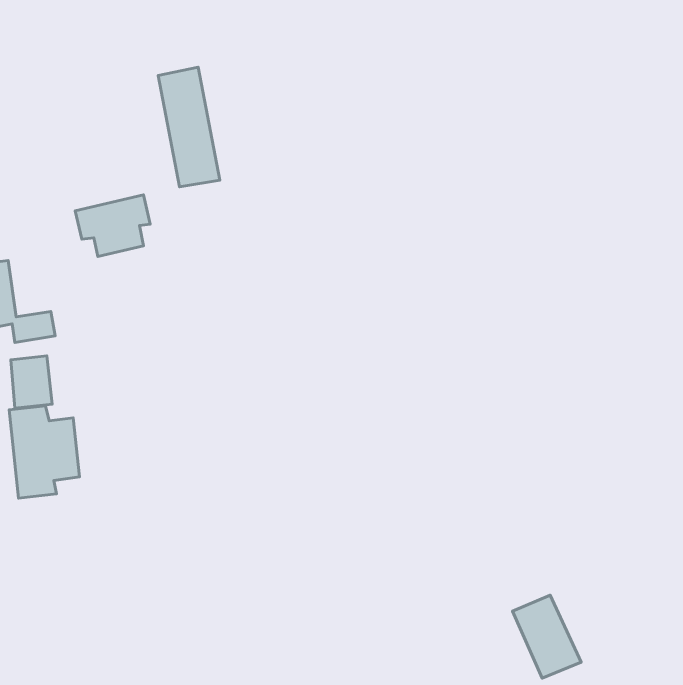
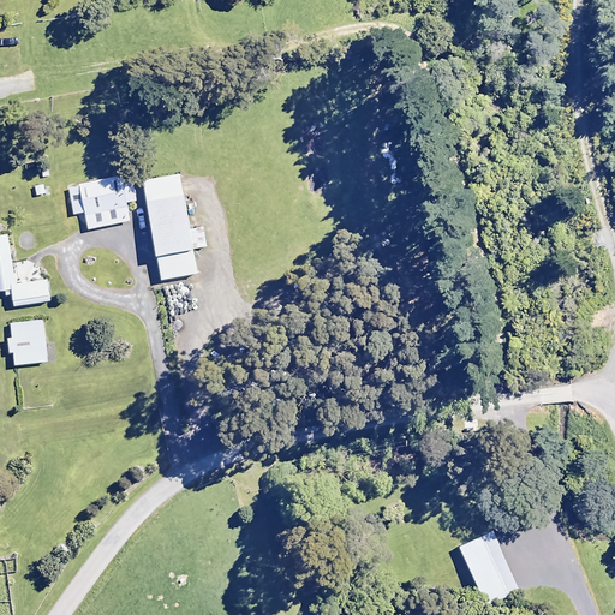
building: [158,67,220,187] -> [142,173,197,280]
building: [9,406,79,498] -> none

